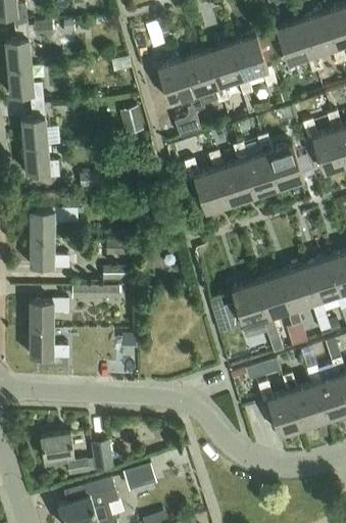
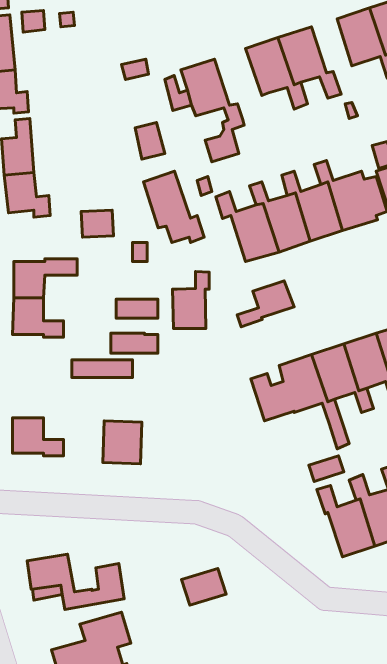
building: [182,51,228,105] -> [143,171,204,243]
building: none -> [173,272,209,329]
building: none -> [237,281,294,327]
building: [29,301,67,331] -> none
building: [123,464,157,491] -> [182,569,226,605]

